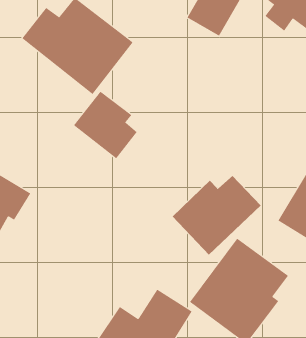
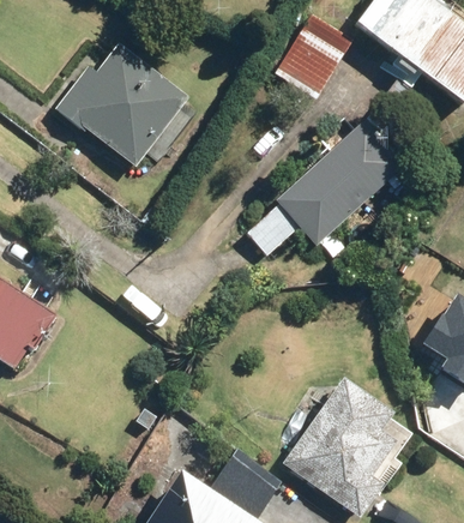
building: none -> [245,116,410,258]
building: [73,91,138,159] -> none
building: [172,175,261,255] -> none

